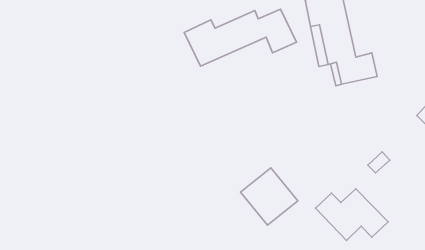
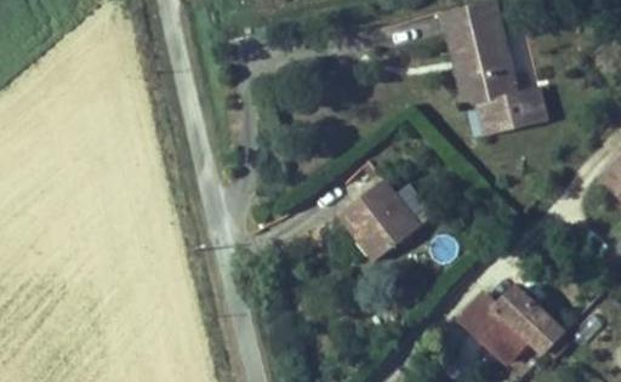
building: [184,9,296,66] -> none
building: [240,168,298,225] -> [336,177,418,260]

